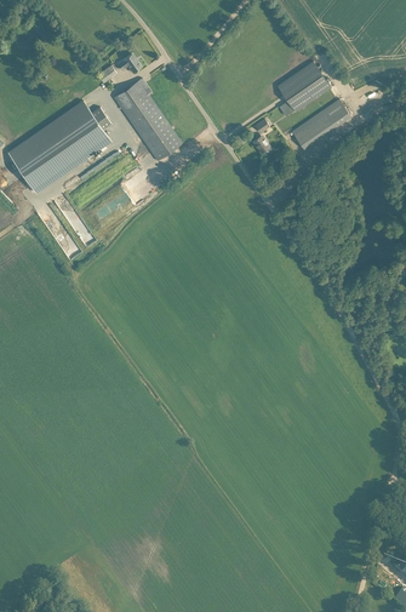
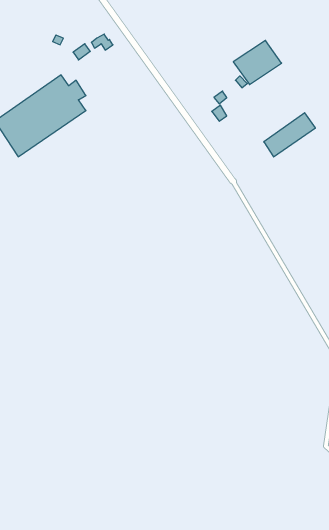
building: [113,78,181,160] -> none
building: [292,98,350,148] -> [264,113,315,157]

